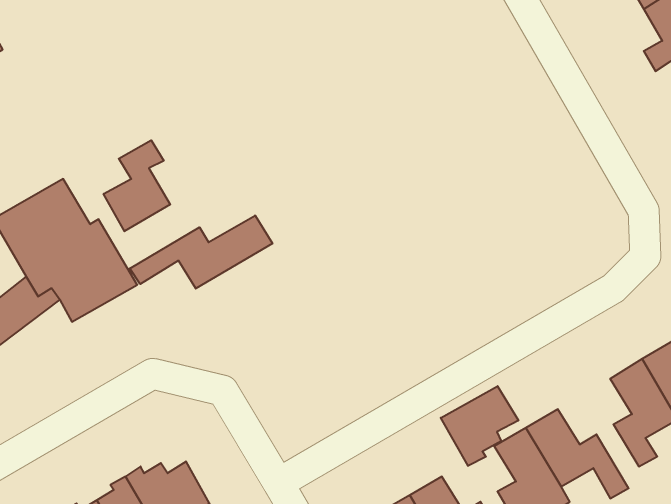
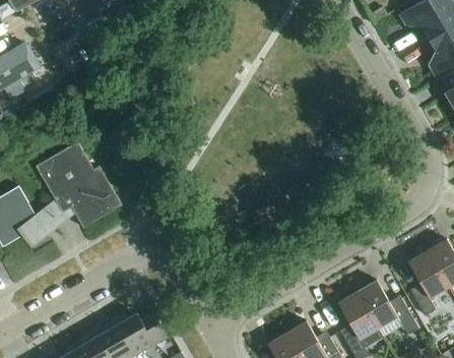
building: [104,140,170,231] -> none
building: [130,215,272,289] -> none
building: [441,386,518,466] -> none

